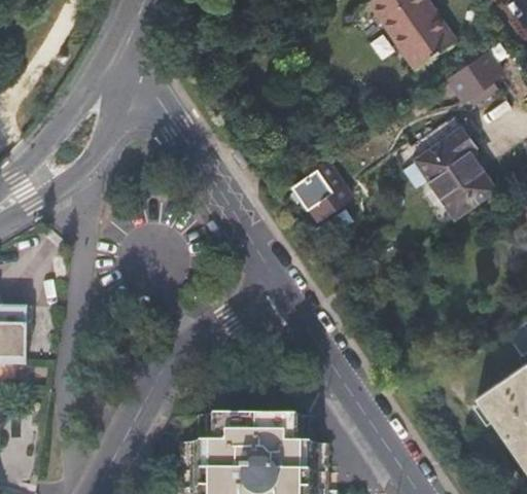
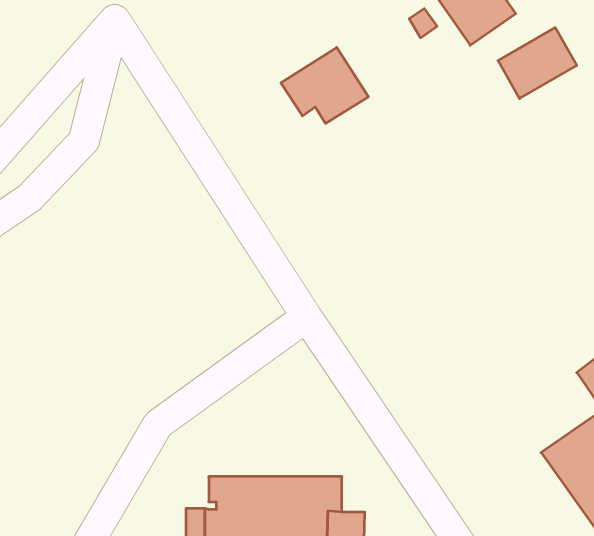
building: [399,116,496,217] -> none
building: [281,164,352,225] -> [281,47,368,123]

